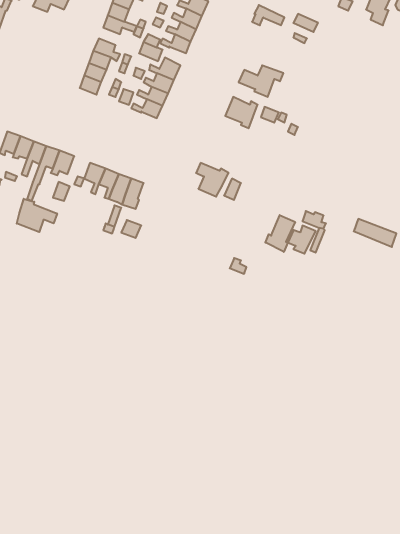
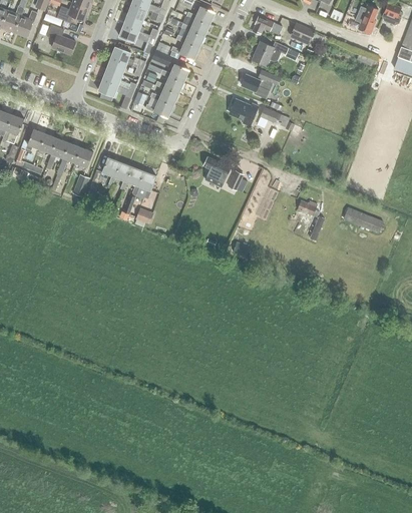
building: none -> [46,23,75,53]
building: none -> [252,40,298,65]
building: [17,199,57,232] -> none
building: [265,215,295,252] -> none

